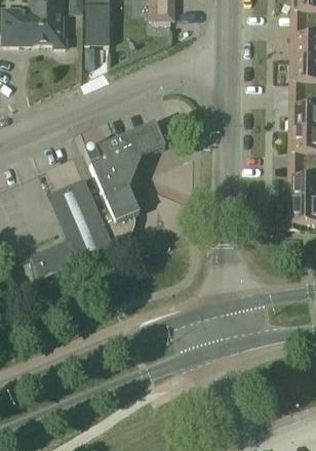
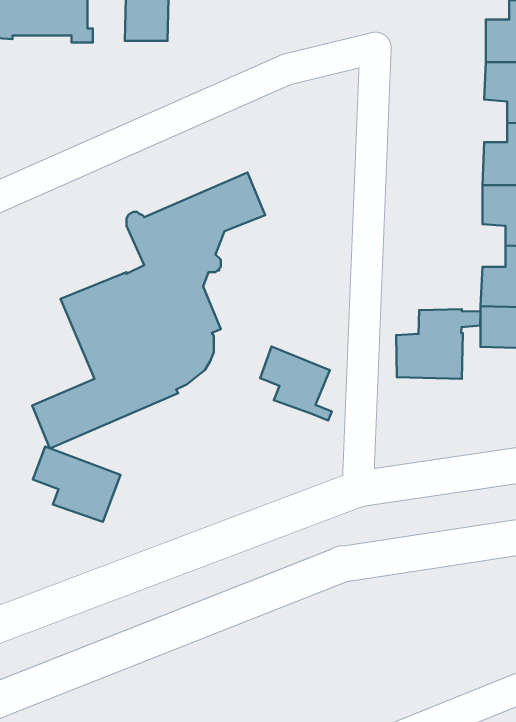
building: none -> [396,309,481,379]
building: none -> [260,347,332,421]
building: none -> [33,447,120,522]

